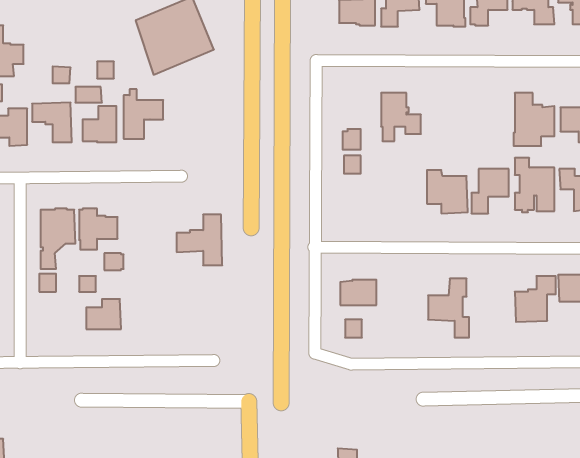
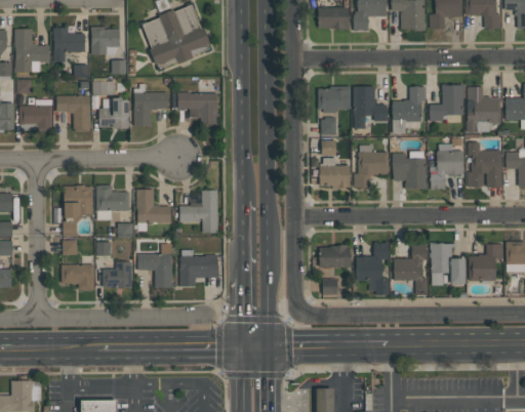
building: none -> [91,26,120,54]
building: none -> [53,28,85,61]
building: none -> [430,84,465,122]
building: none -> [318,86,351,113]
building: none -> [393,86,426,133]
building: none -> [177,92,217,123]
building: none -> [354,145,390,187]
building: none -> [320,157,350,189]
building: none -> [136,189,171,222]
building: none -> [356,242,390,294]
building: none -> [137,243,172,288]
building: none -> [431,243,465,283]
building: none -> [179,249,218,286]
building: none -> [62,263,95,289]

